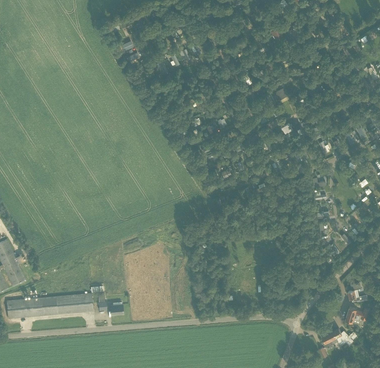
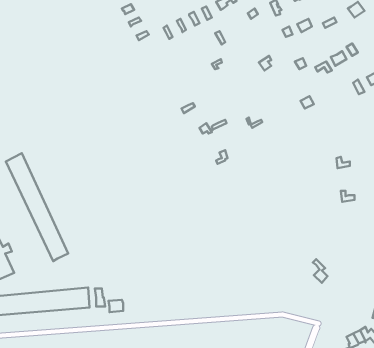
building: none -> [6,153,68,261]

